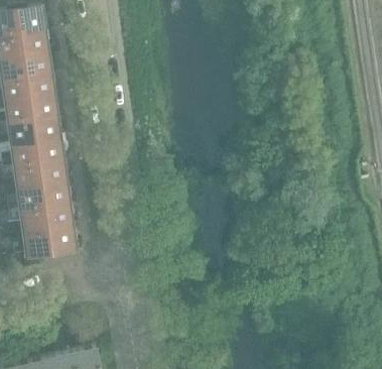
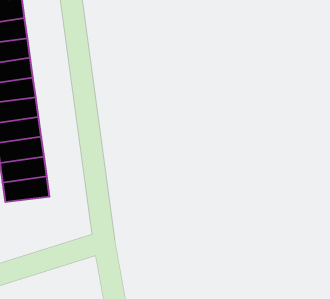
building: [22,224,74,255] -> none

